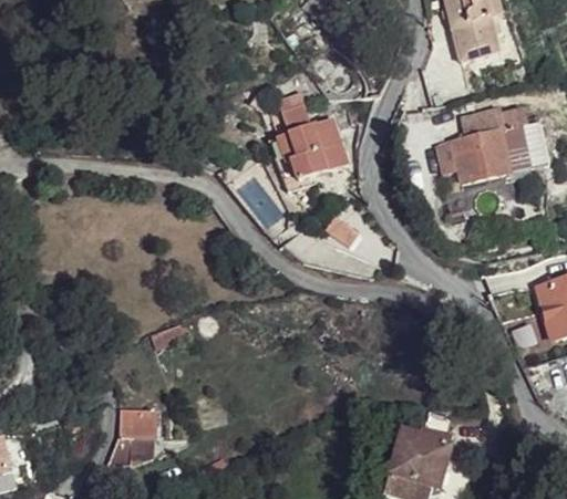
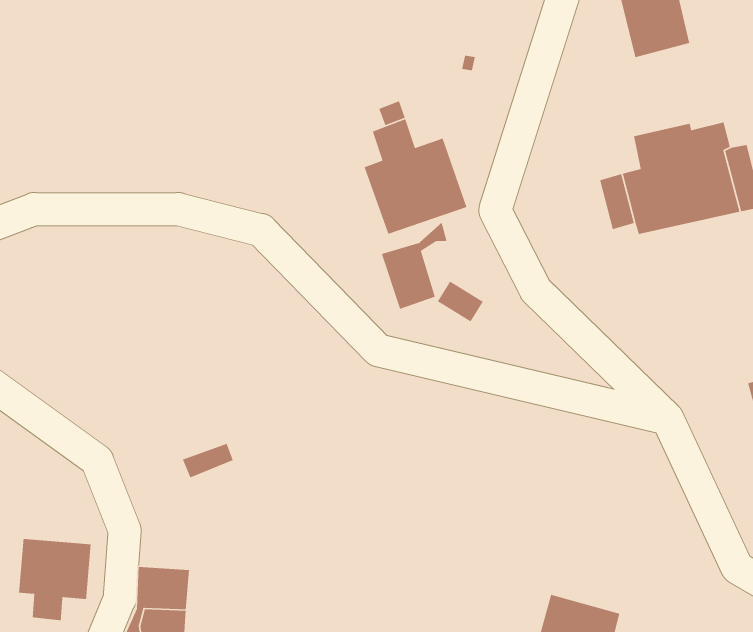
building: none -> [381,221,448,310]
building: none -> [18,538,91,621]

